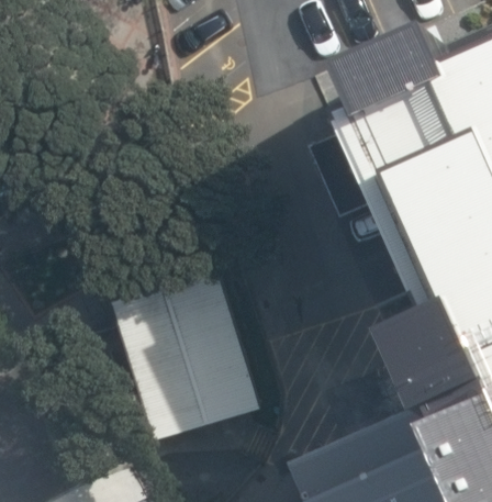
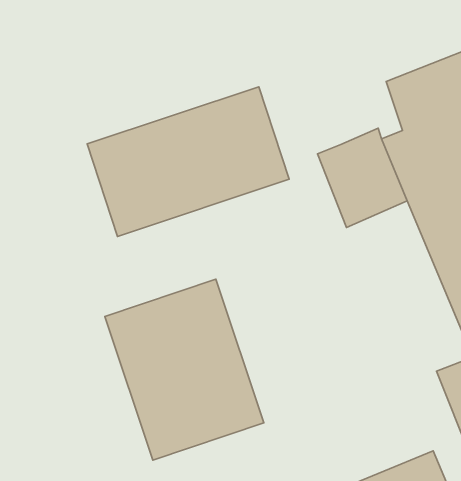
building: none -> [87,87,289,236]

